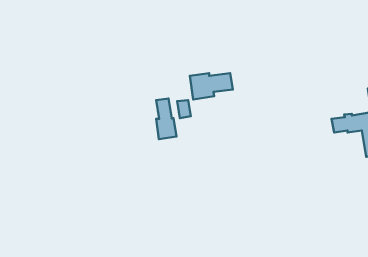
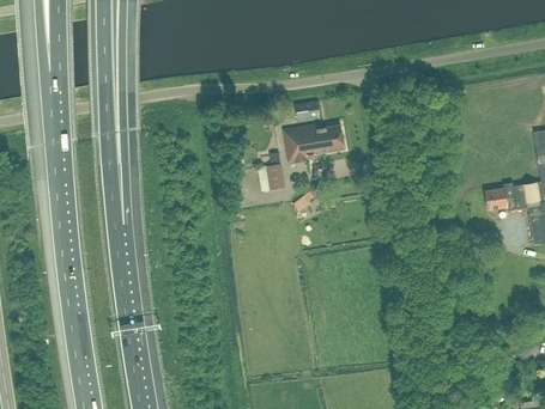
building: [156,99,176,139] -> none

